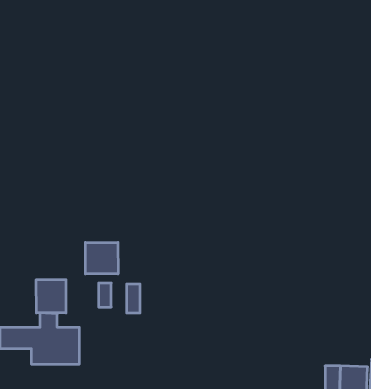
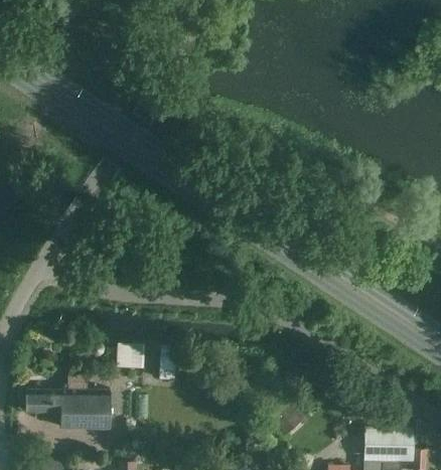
building: [85,242,118,274] -> none
building: [36,280,66,313] -> none

